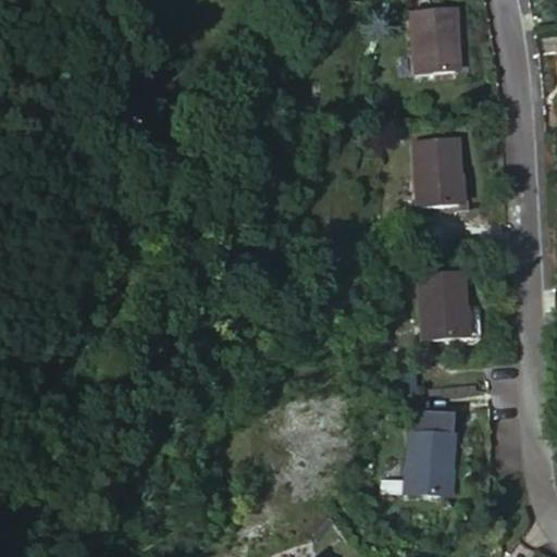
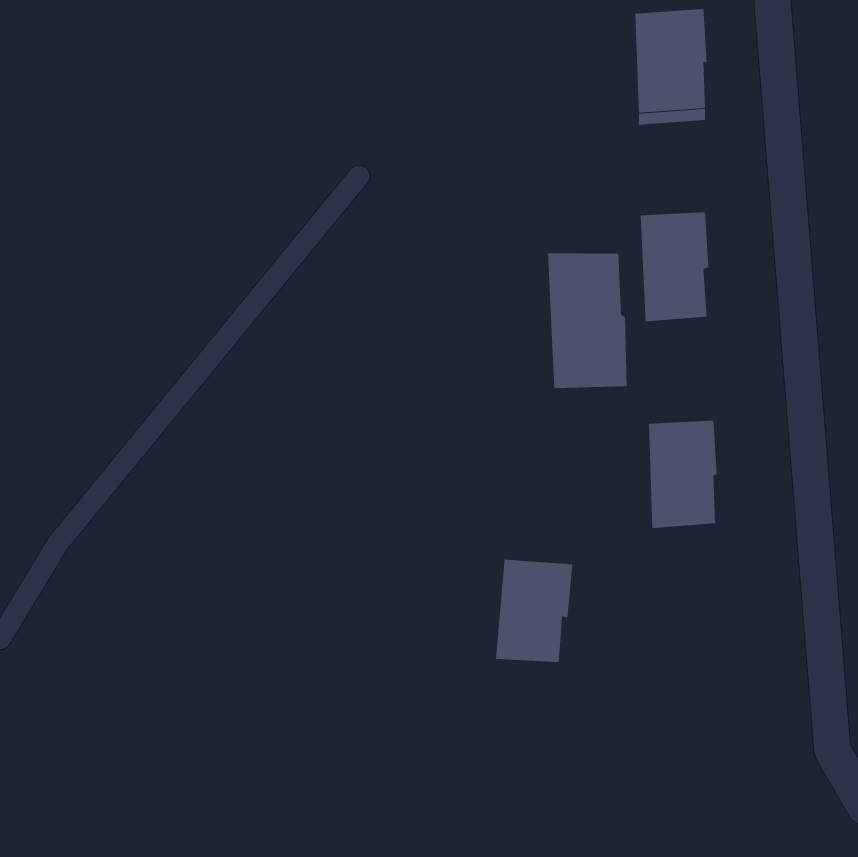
building: none -> [547,253,627,389]
building: [406,429,456,495] -> [495,559,573,663]

